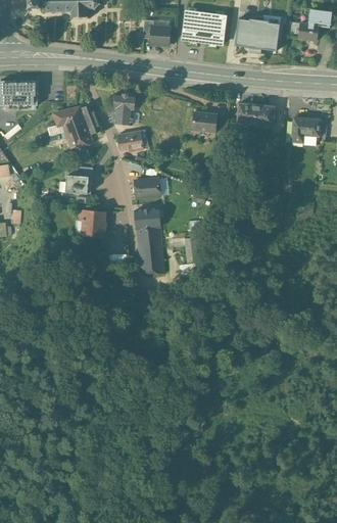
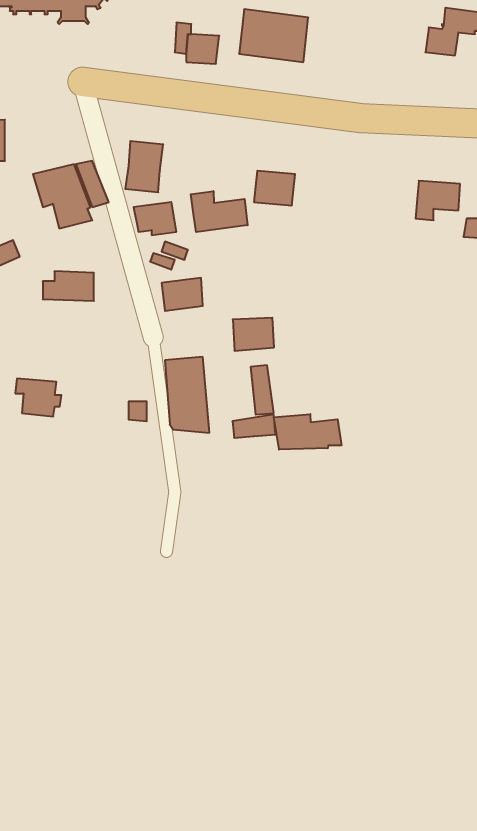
building: [236,18,280,50] -> none
building: [237,103,275,127] -> none
building: none -> [191,191,248,232]
building: [135,208,160,229] -> [233,318,274,351]
building: [79,211,107,235] -> [15,379,61,416]
building: none -> [274,414,341,450]

